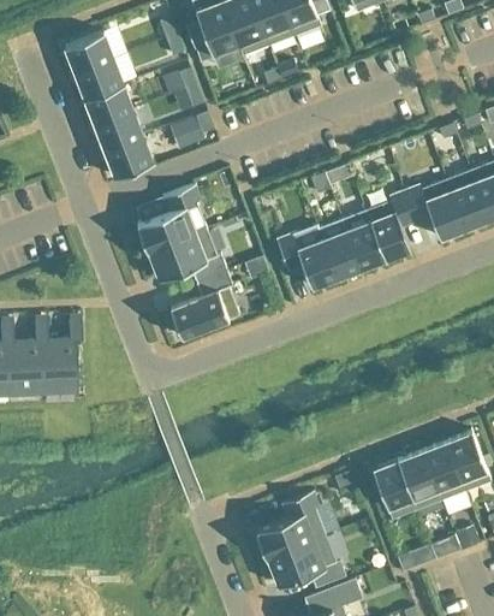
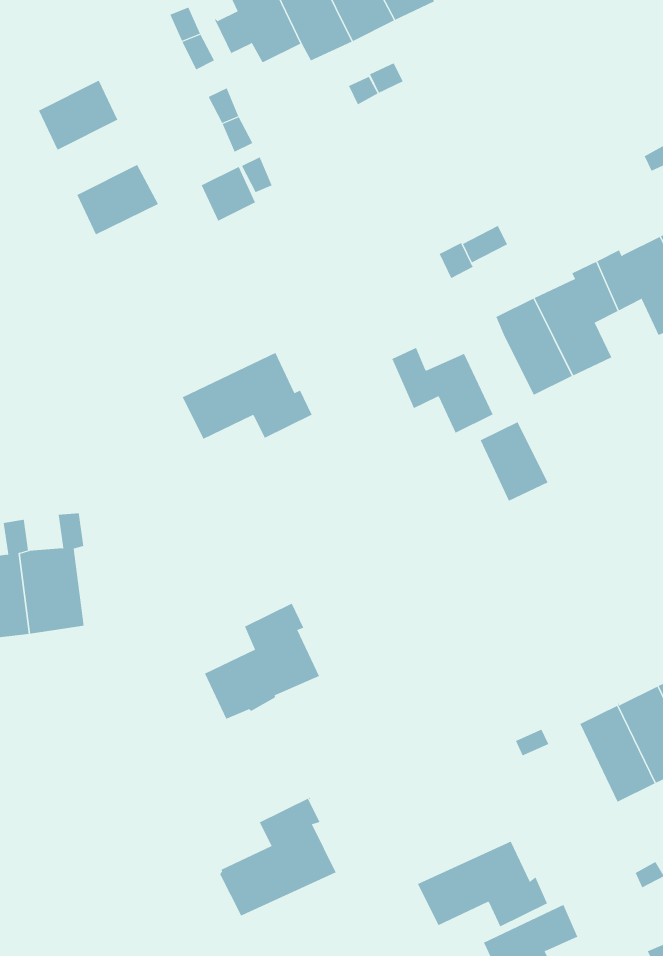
building: [64,32,113,73] -> none
building: [83,83,132,126] -> none
building: [103,136,154,178] -> none
building: [136,185,207,254] -> none
building: [321,231,361,279] -> [480,421,549,502]
building: [169,271,239,338] -> [204,603,320,719]
building: [255,491,326,559] -> [219,797,336,916]

